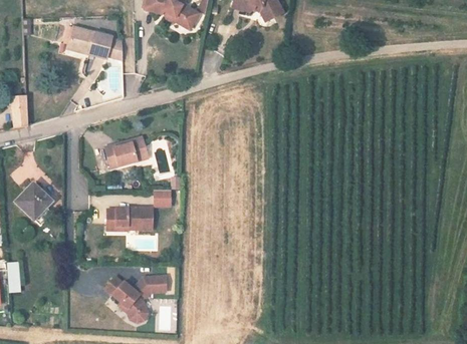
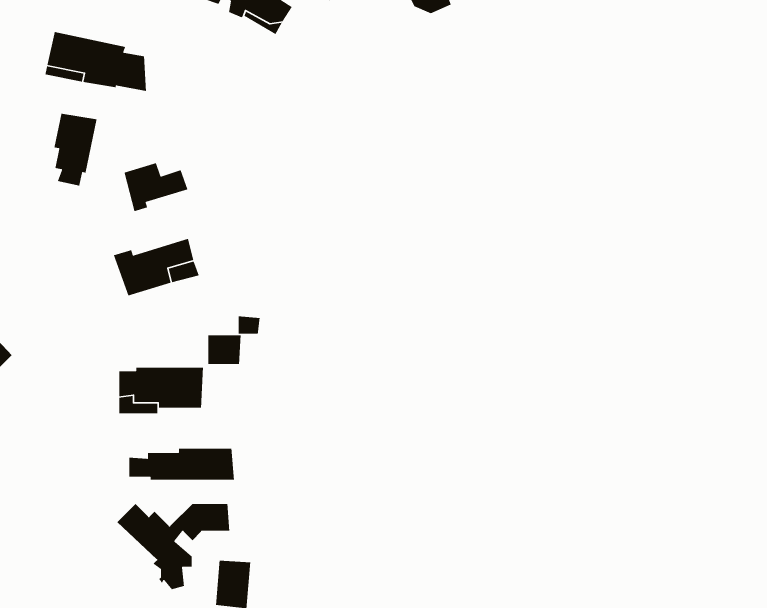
building: none -> [54,113,98,187]
building: none -> [123,162,188,212]
building: none -> [128,448,235,480]

